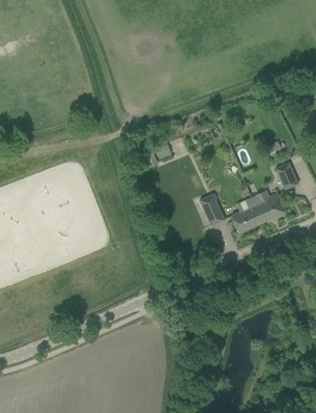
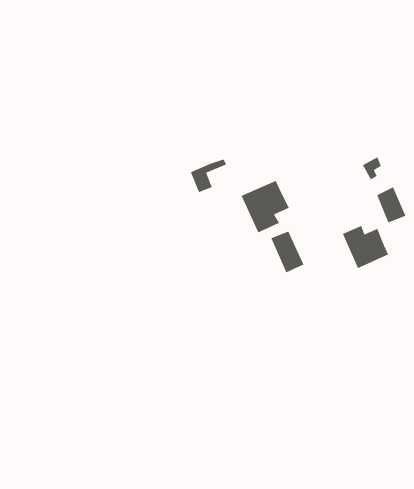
building: none -> [240,180,290,234]
building: [231,197,262,233] -> none

